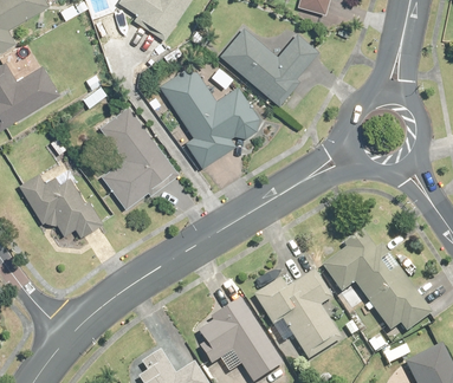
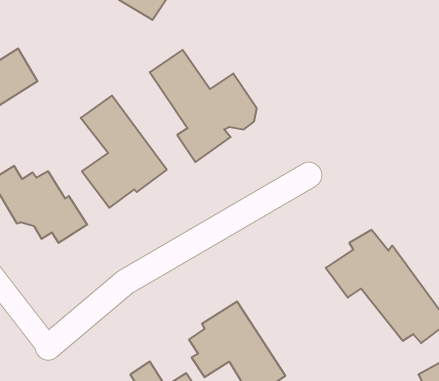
building: [218,26,318,105] -> none
building: [254,267,344,361] -> none

